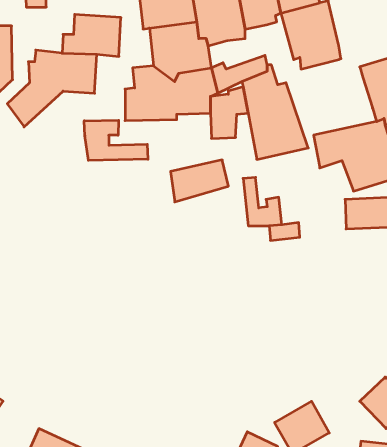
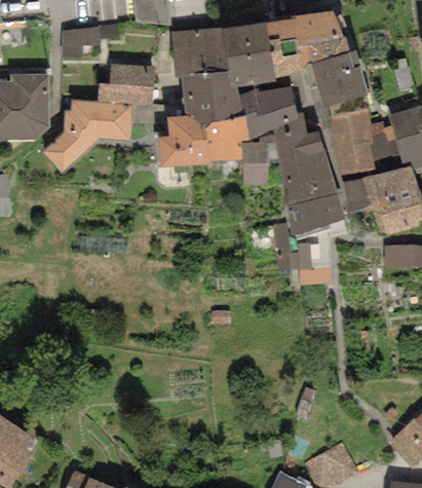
building: none -> [240,86,296,117]
building: none -> [331,108,400,177]
building: [84,120,148,160] -> none
building: [171,160,228,202] -> [287,194,344,235]

